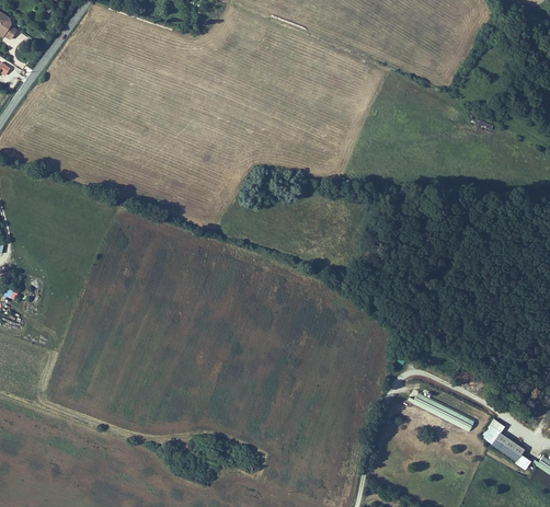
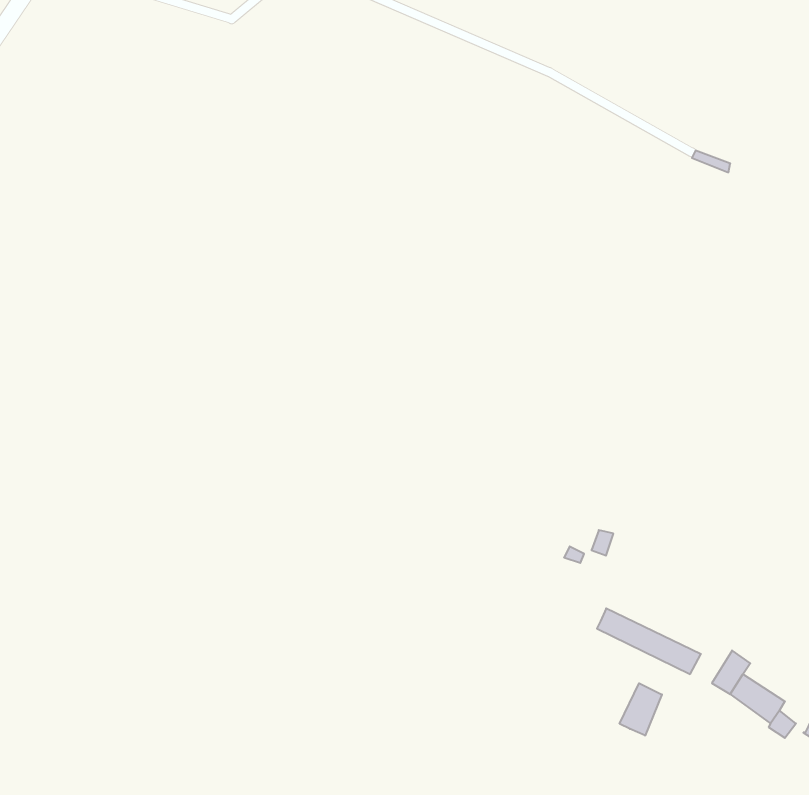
building: none -> [620,683,662,736]

